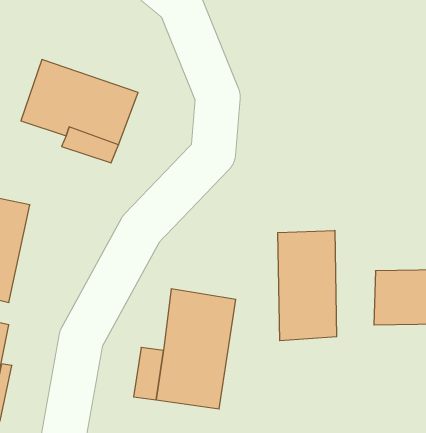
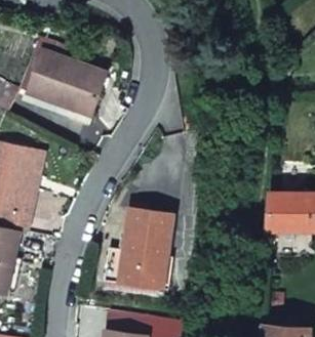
building: [278,230,337,341] -> none

